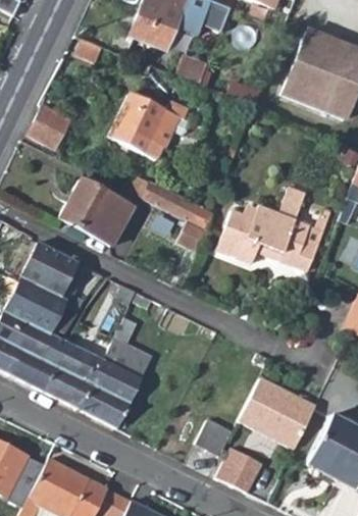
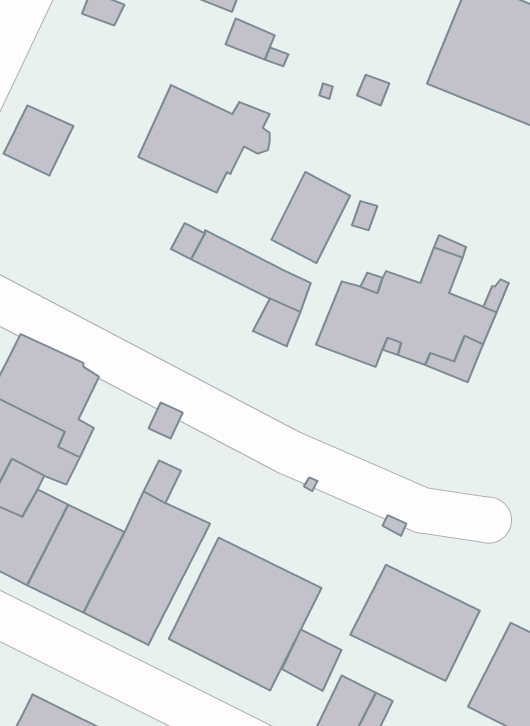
building: none -> [271,172,350,263]
building: [61,179,134,245] -> none
building: none -> [169,538,321,691]

